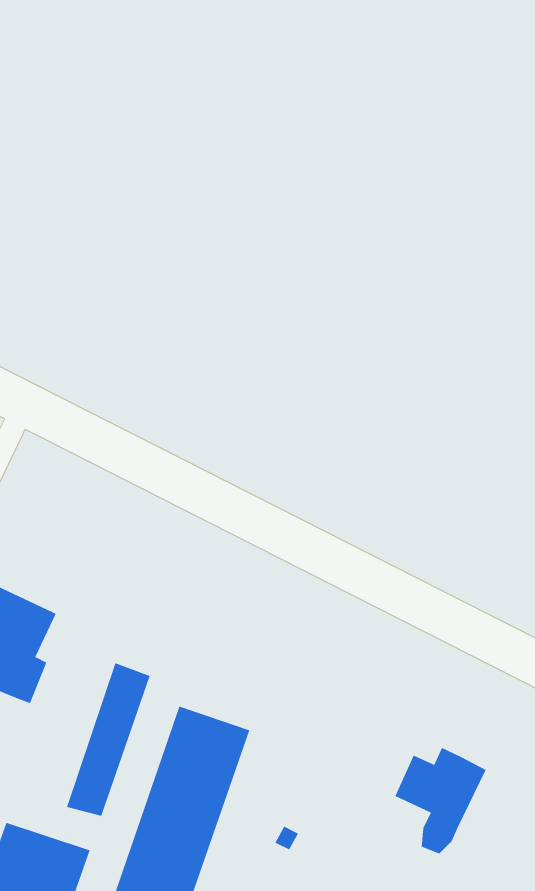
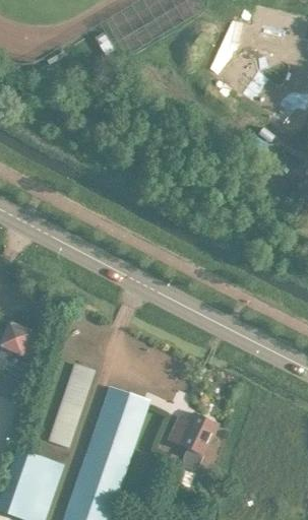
building: [394,747,486,854] -> [168,412,218,470]

